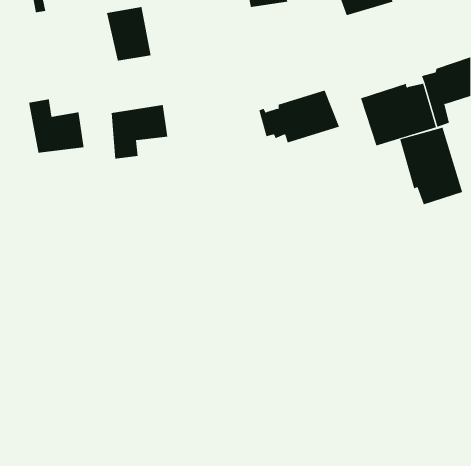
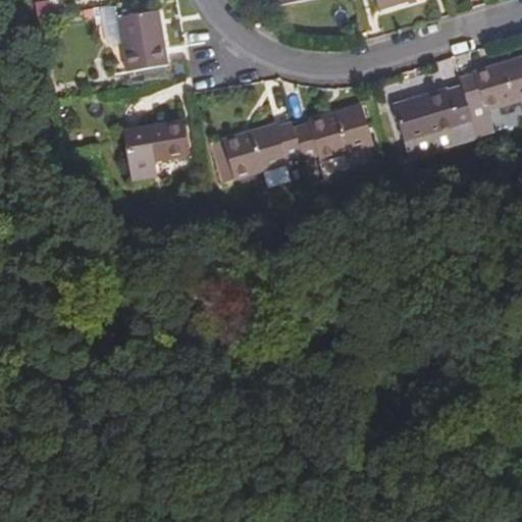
building: [28,99,84,154] -> none
building: none -> [222,119,294,177]
building: [399,127,463,205] -> none

